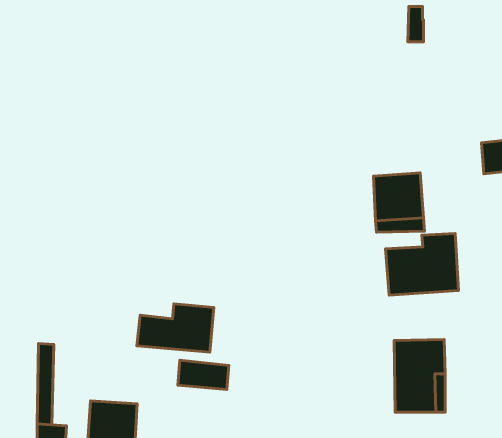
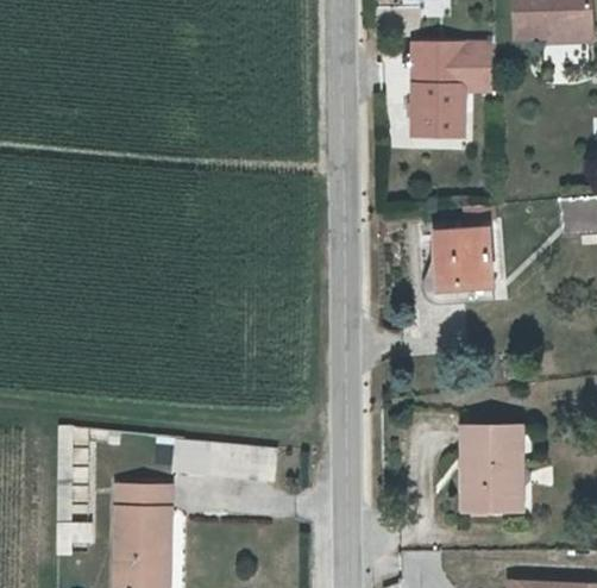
building: none -> [413,60,469,135]
building: [386,234,458,295] -> none
building: [137,304,214,352] -> none

